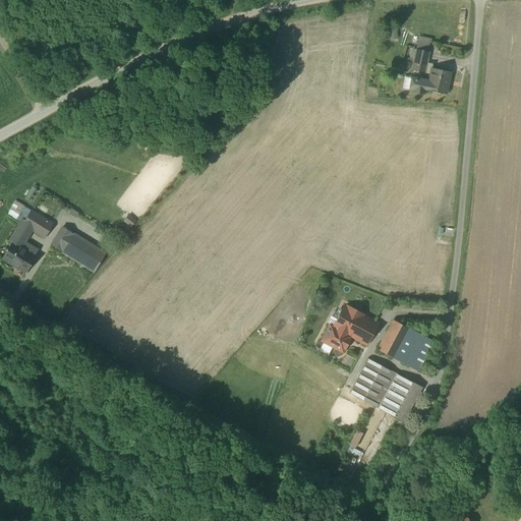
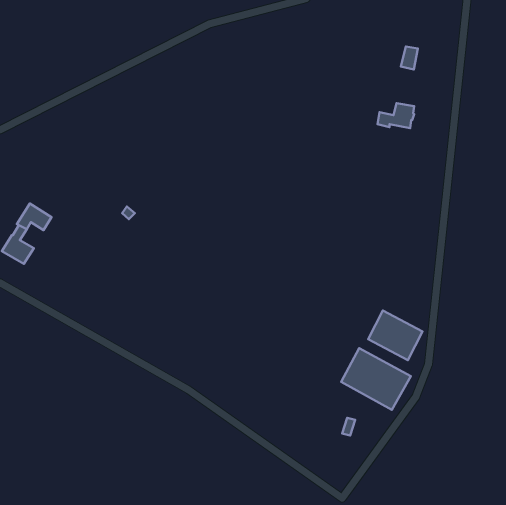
building: [413,67,451,93] -> [378,103,414,128]
building: [52,226,99,266] -> none
building: [323,305,379,351] -> none

